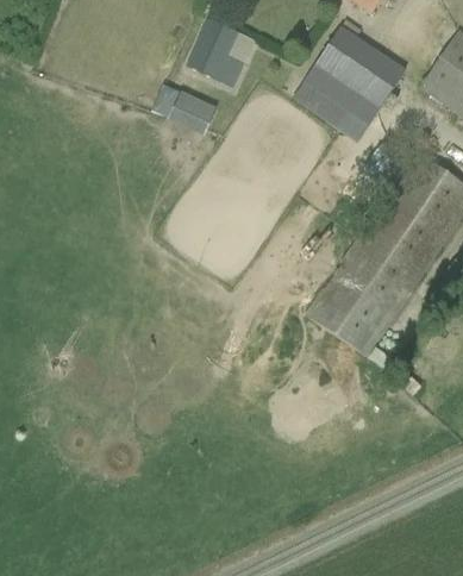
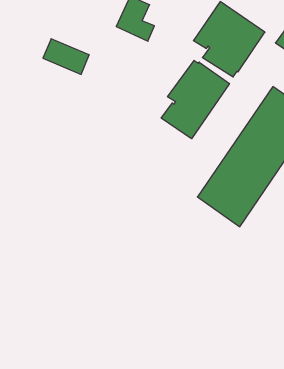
building: [155,82,223,134] -> [43,39,89,74]
building: none -> [161,60,229,139]

